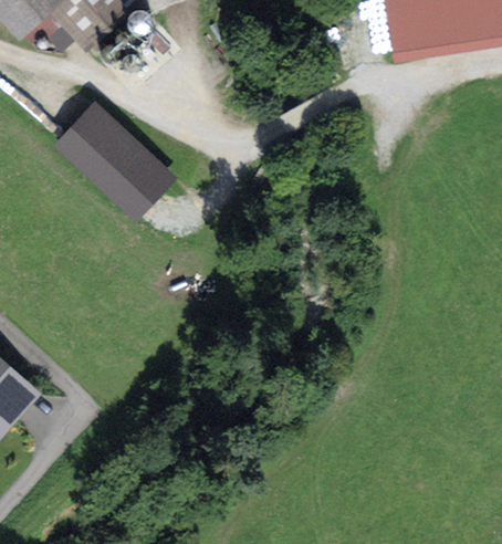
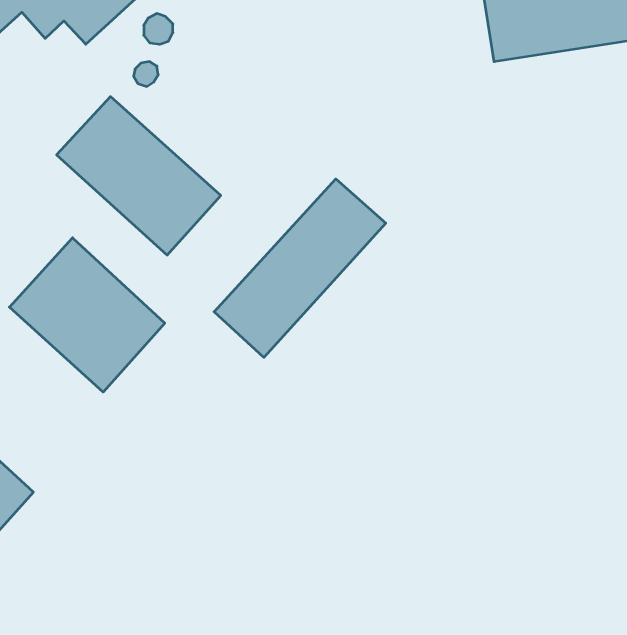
building: none -> [214,179,386,357]
building: none -> [9,238,165,392]

